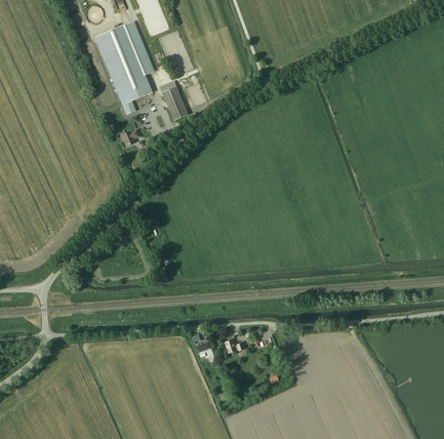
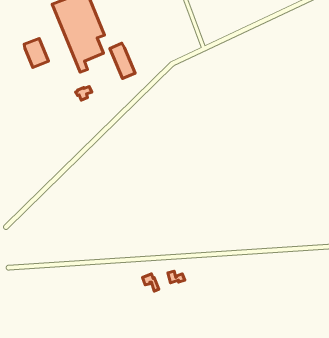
building: none -> [24,38,49,68]

